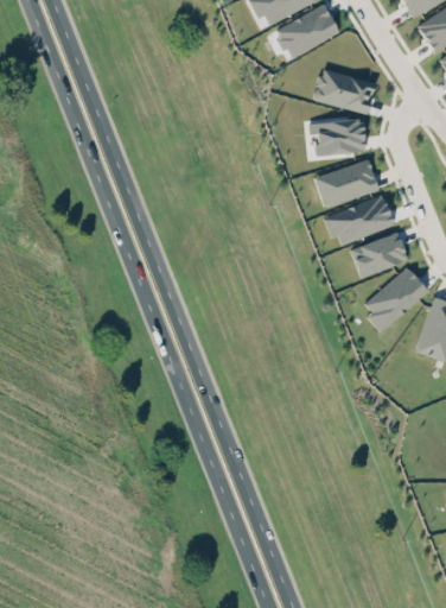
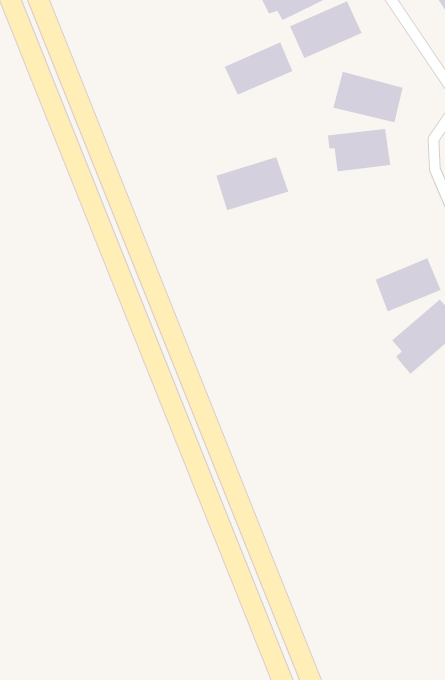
building: none -> [224,41,293,96]
building: [314,159,378,207] -> [216,156,289,211]
building: [324,195,394,243] -> none

